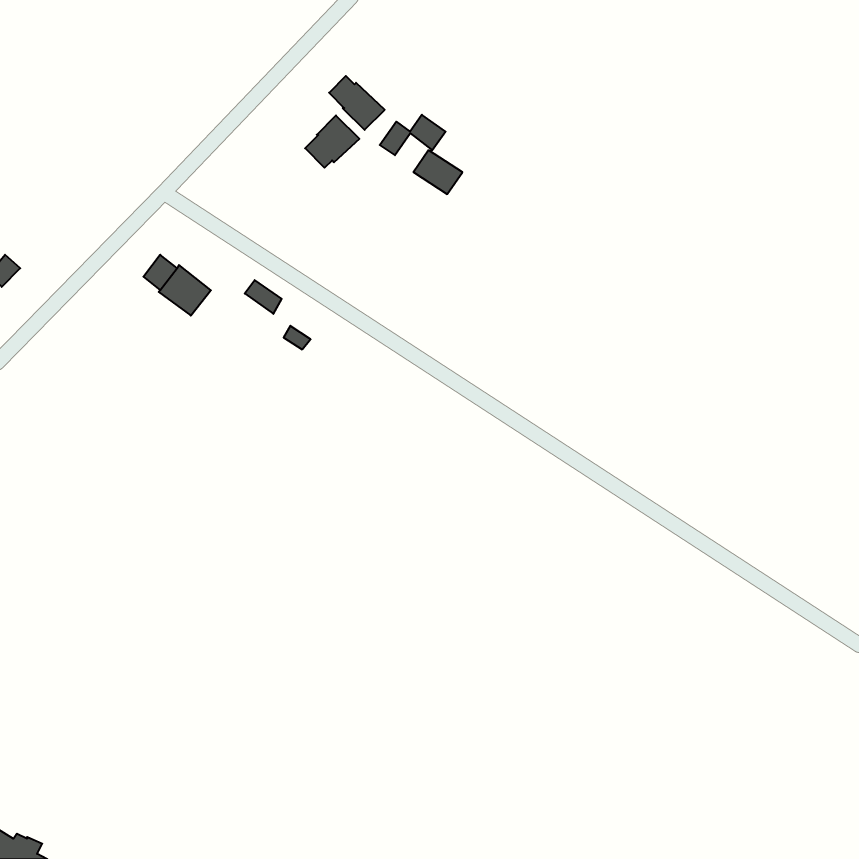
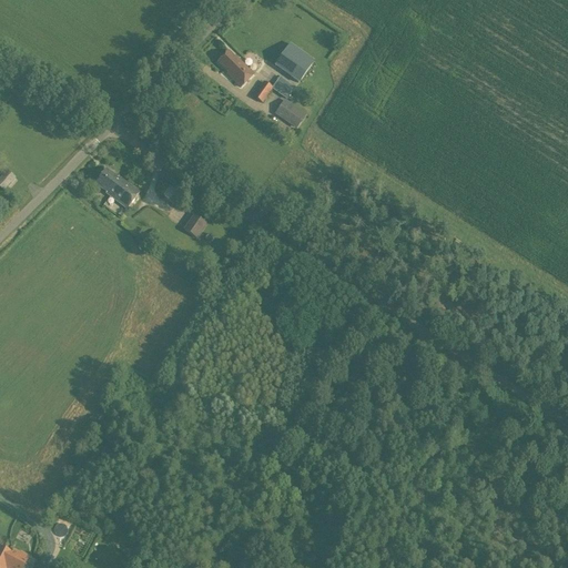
building: none -> [272,42,313,82]
building: [305,115,359,168] -> none

